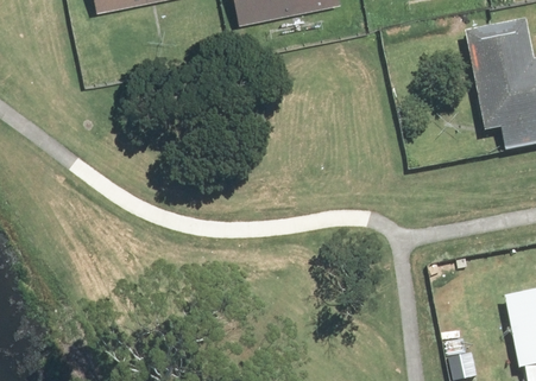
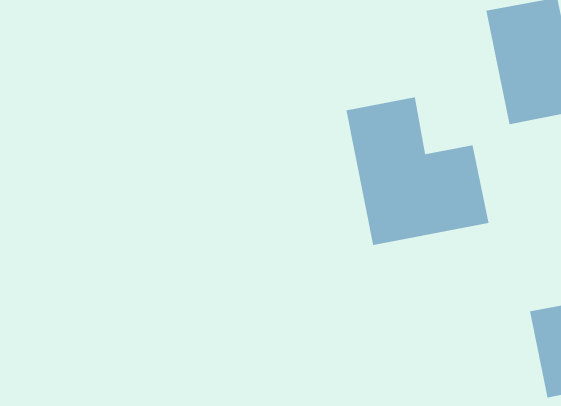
building: none -> [346,96,489,246]

